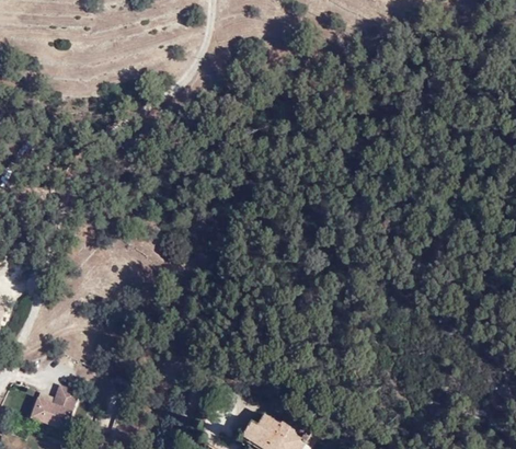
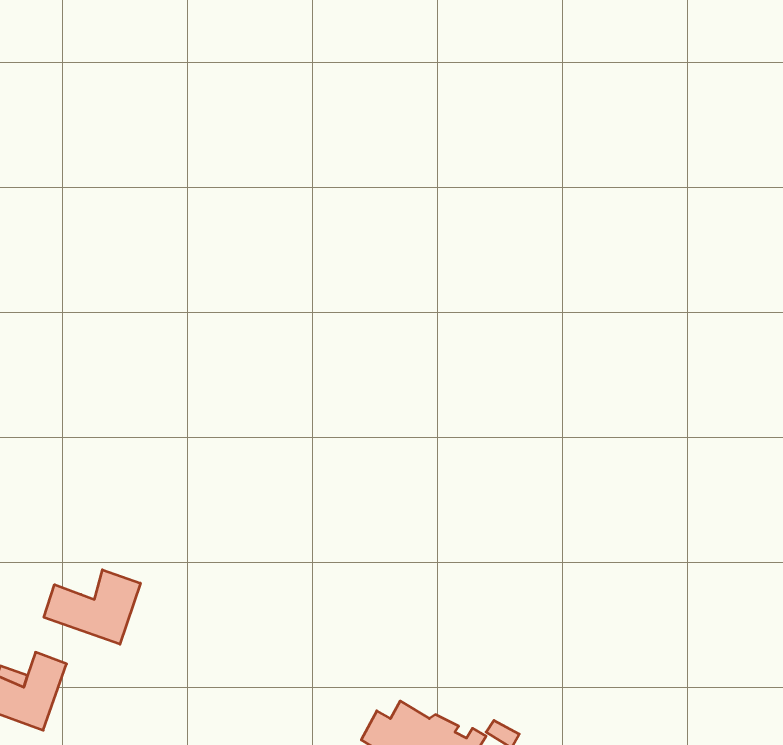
building: none -> [44,570,140,644]

